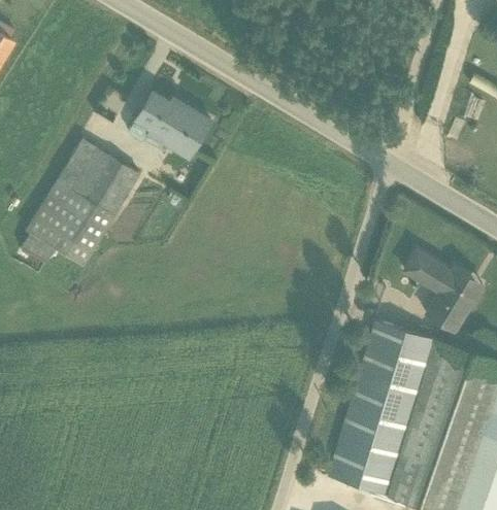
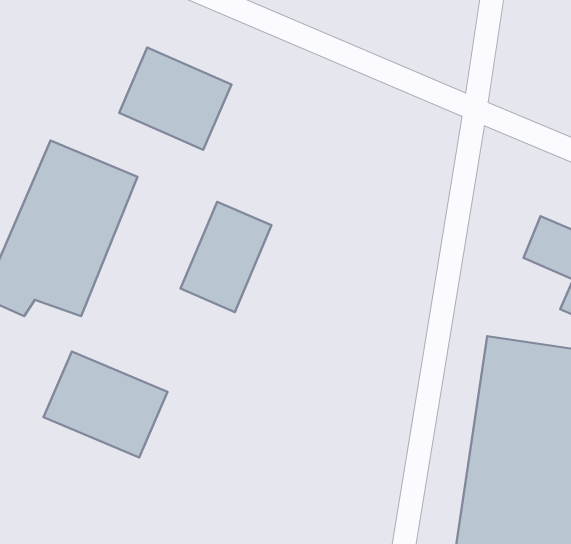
building: none -> [180,202,272,312]
building: none -> [44,352,168,457]

